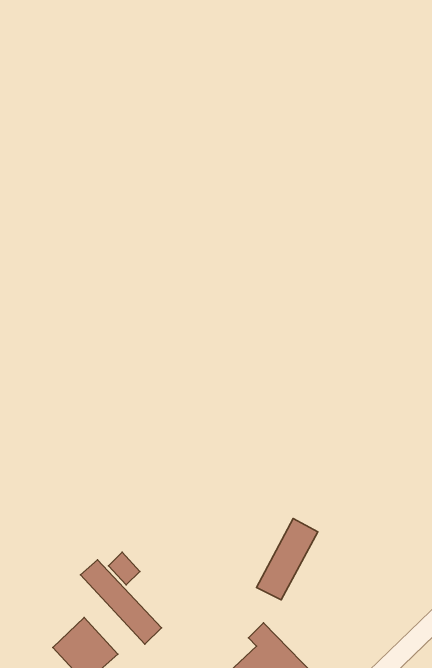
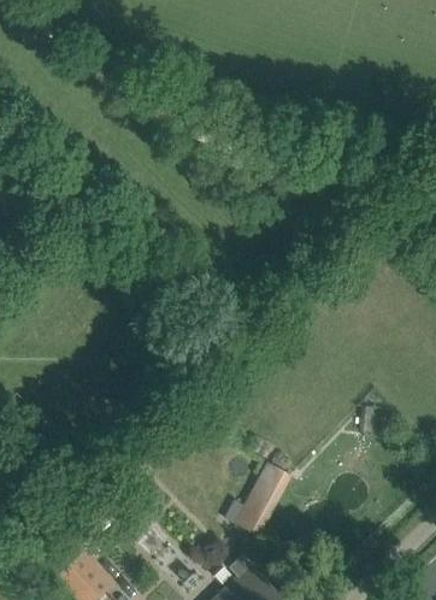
building: [80,560,161,644] -> none

